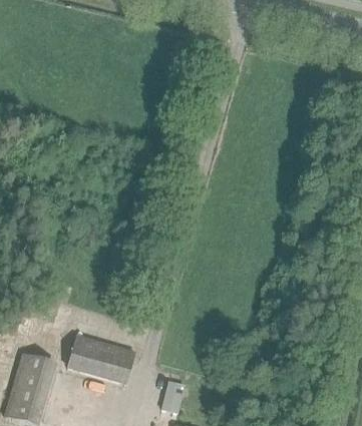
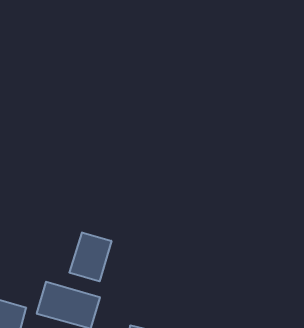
building: none -> [69,232,111,281]

